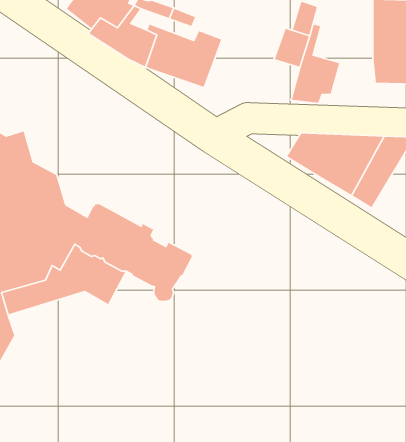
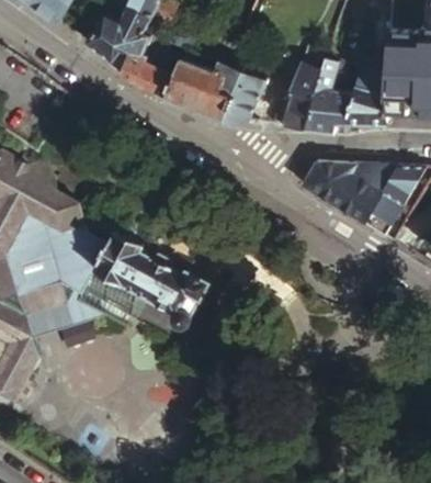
building: none -> [219,67,265,121]
building: none -> [343,68,387,123]
building: none -> [273,87,313,128]

